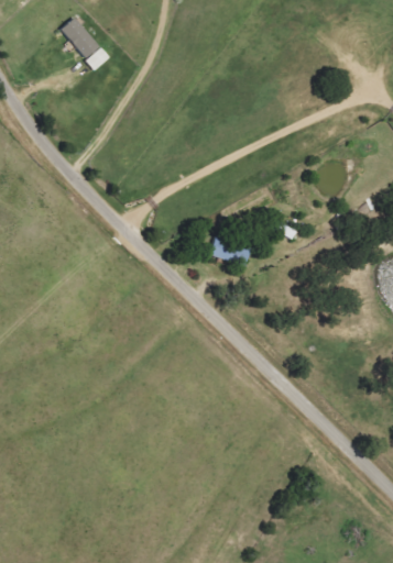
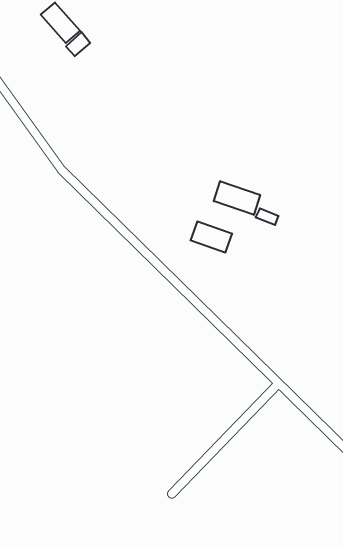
building: none -> [214,181,260,215]

